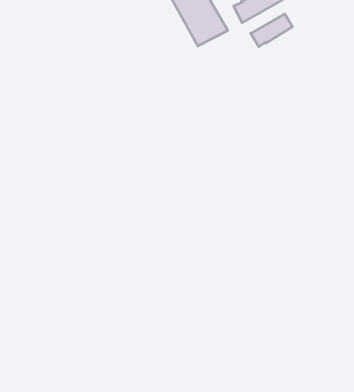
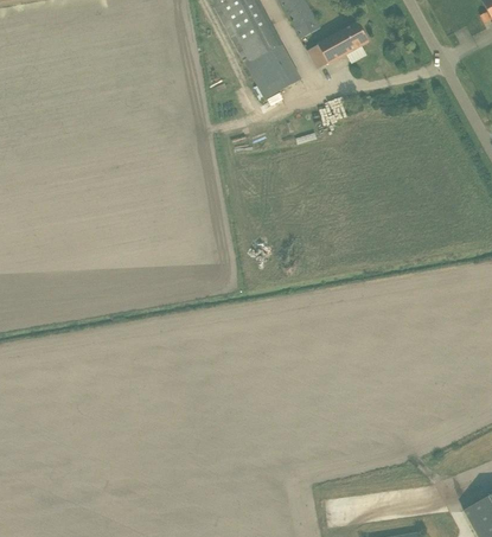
building: [251,14,292,47] -> none

